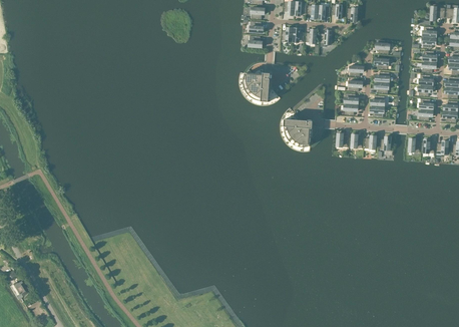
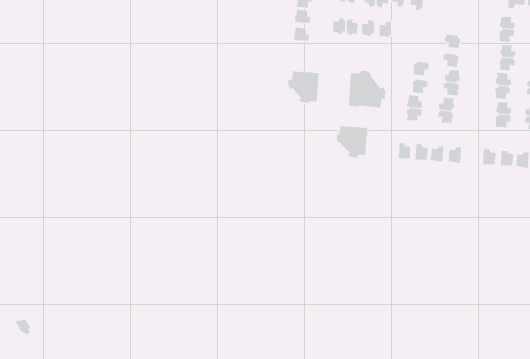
building: none -> [348,68,386,108]

